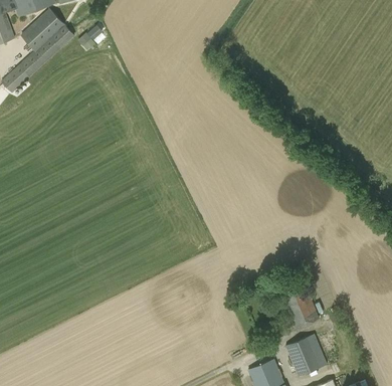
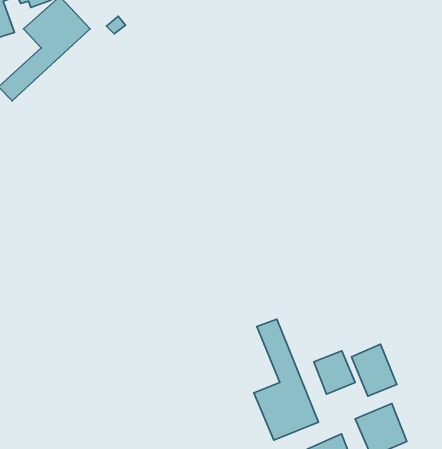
building: none -> [254,319,318,440]
building: none -> [314,351,355,394]

